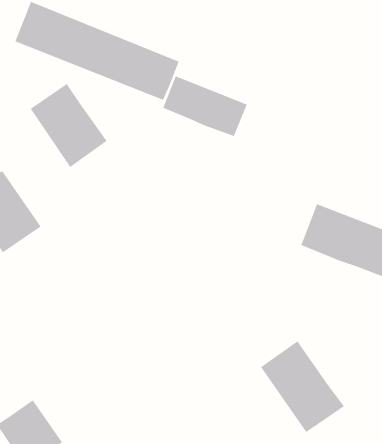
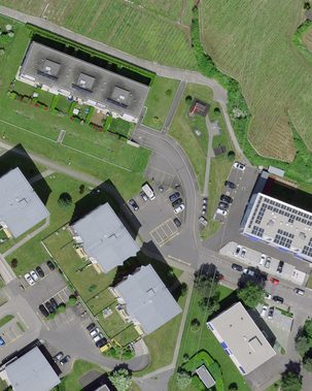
building: [162,76,247,137] -> none
building: [30,83,108,168] -> [74,206,134,271]
building: none -> [115,267,176,332]

